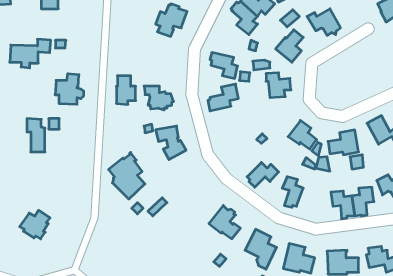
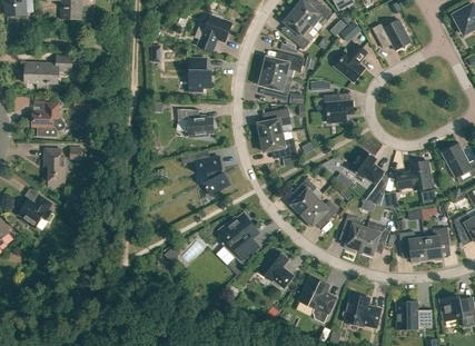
building: none -> [260,52,304,76]
building: [55,74,84,104] -> [32,101,66,137]
building: [116,76,136,104] -> [189,58,211,91]
building: none -> [258,132,297,157]
building: none -> [289,178,318,215]
building: [109,152,145,199] -> [219,210,261,265]
building: none -> [359,224,389,257]
building: [20,210,50,239] -> [18,195,53,228]

